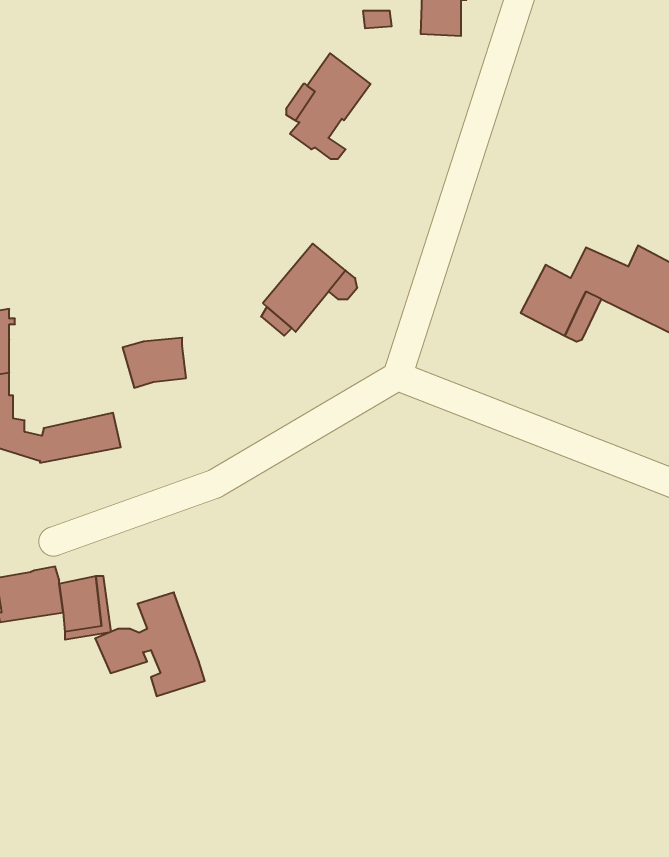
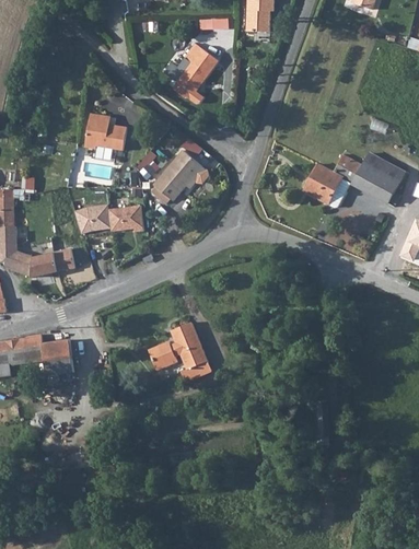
building: none -> [88,112,130,149]
building: none -> [110,206,146,232]
building: [95,592,205,696] -> [146,326,208,385]

